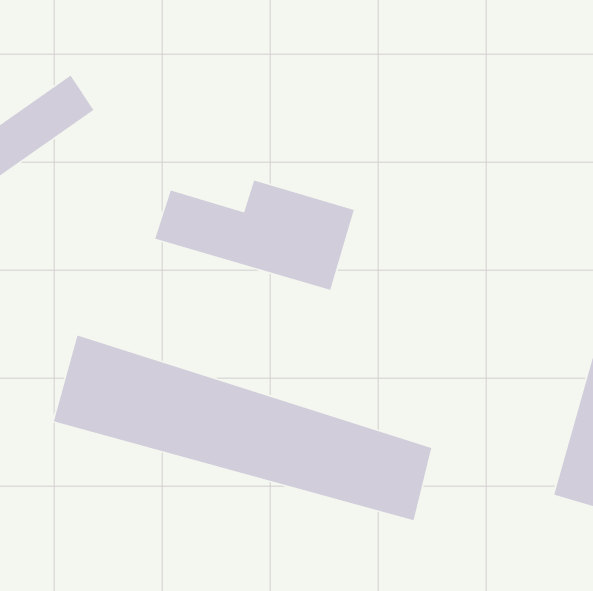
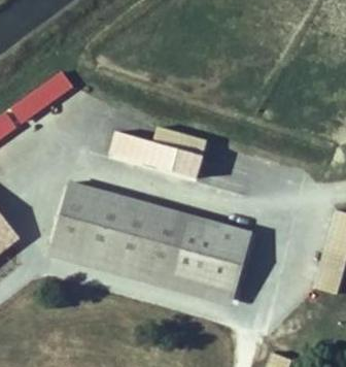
building: none -> [62,171,256,266]

